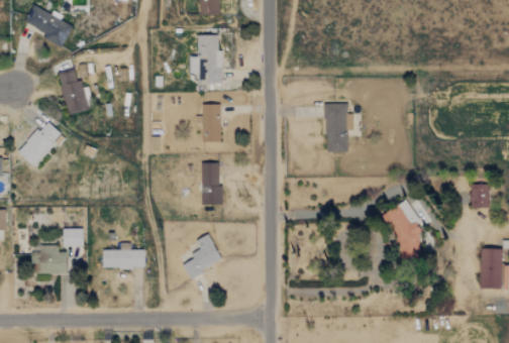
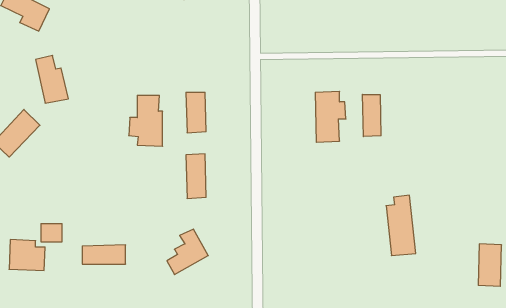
building: [190,34,222,83] -> [129,95,163,146]
building: none -> [362,94,381,137]
building: [472,185,491,208] -> none

